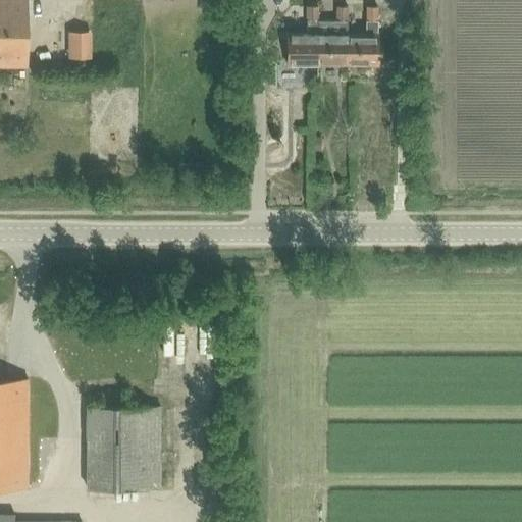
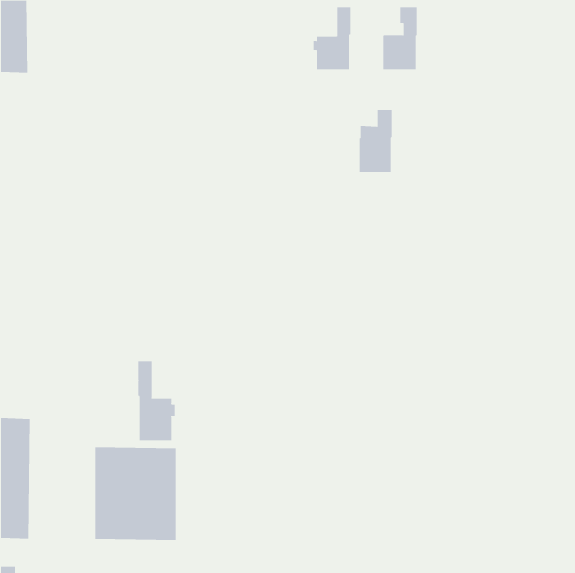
building: [317,8,348,65] -> [359,110,393,173]
building: [66,35,91,64] -> none
building: none -> [138,361,175,441]

